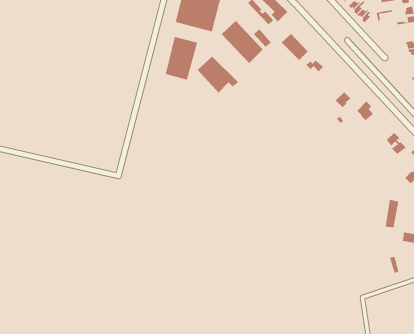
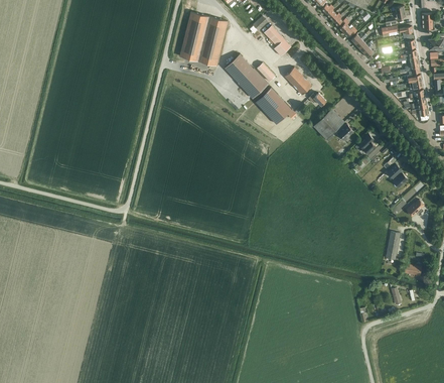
building: [165,36,198,81] -> none
building: [197,56,239,93] -> [257,85,298,122]
building: none -> [313,109,344,140]

